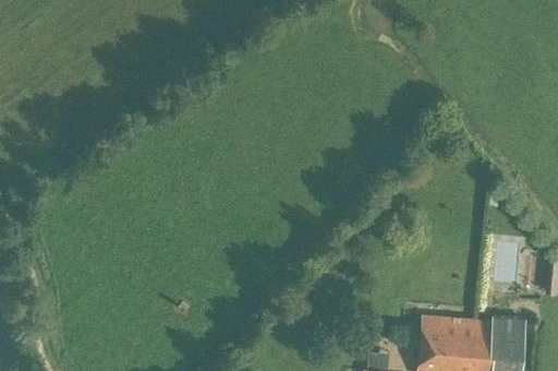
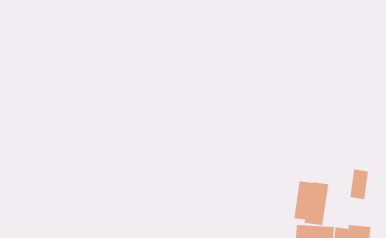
building: none -> [293,180,329,226]

